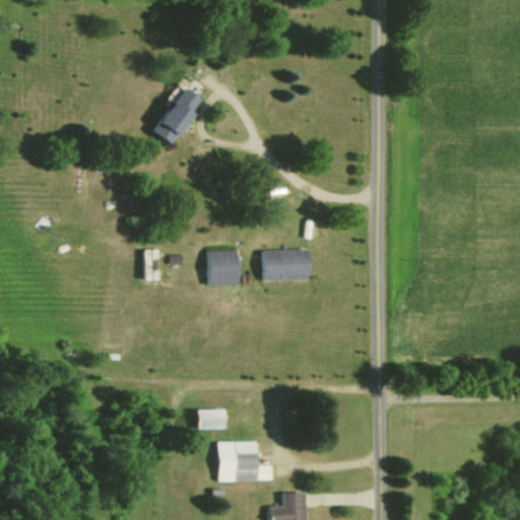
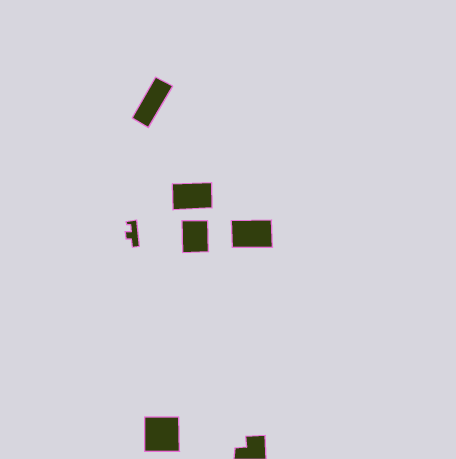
building: none -> [173,183,212,210]
building: [197,409,226,429] -> none
building: [218,442,258,480] -> [145,417,180,451]

